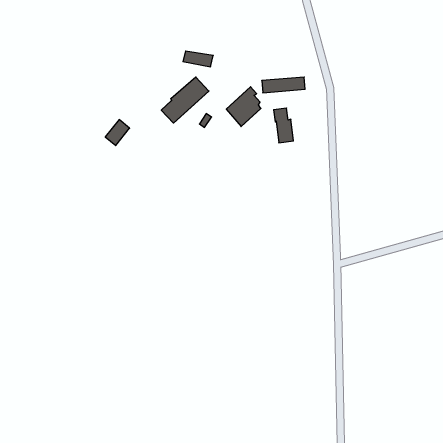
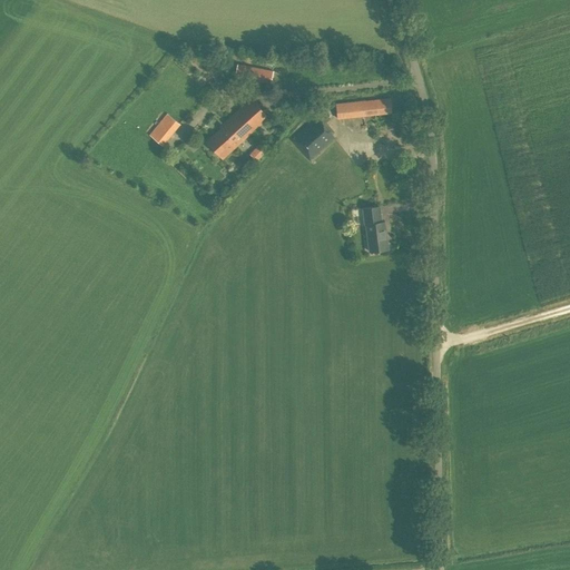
building: [274,108,293,143] -> [363,208,389,253]
building: [105,120,130,146] -> [149,114,180,147]

